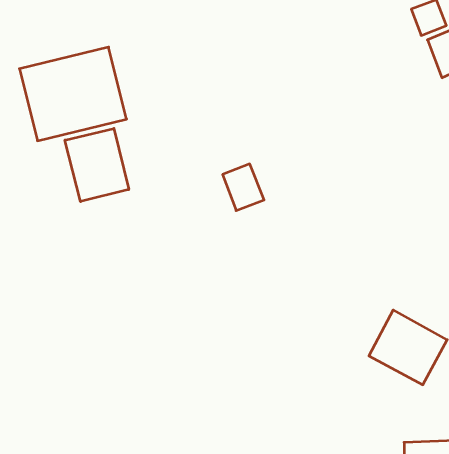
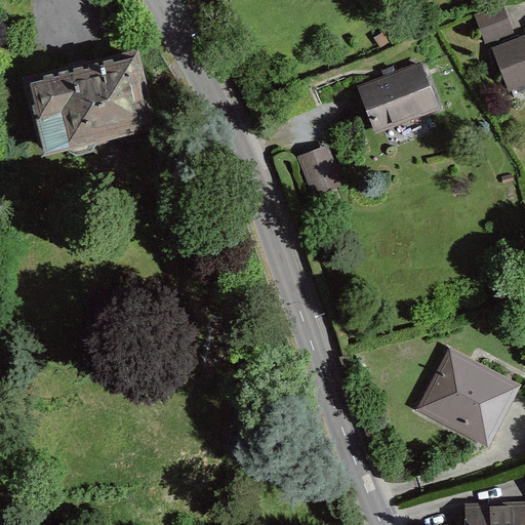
building: none -> [364,68,436,129]
building: [65,128,129,202] -> none
building: [223,164,264,211] -> [297,144,345,197]

